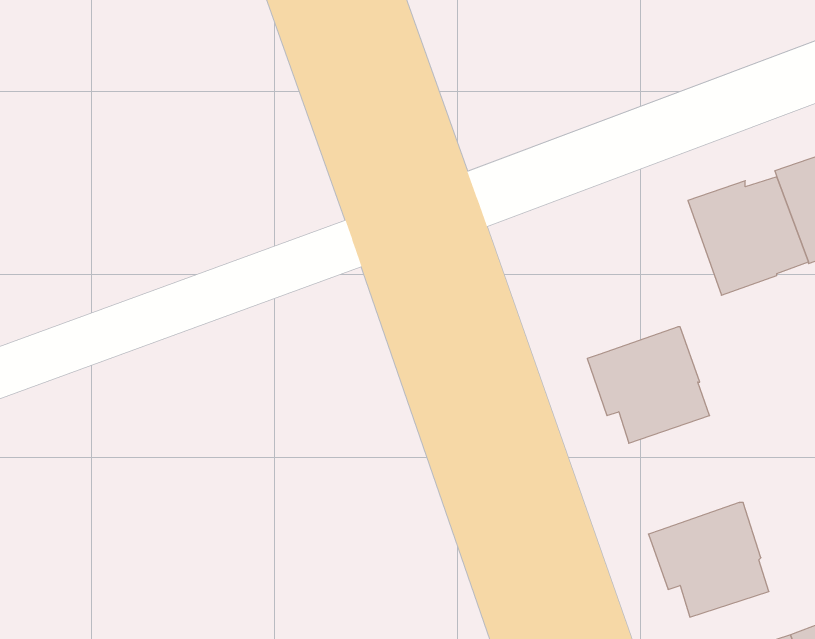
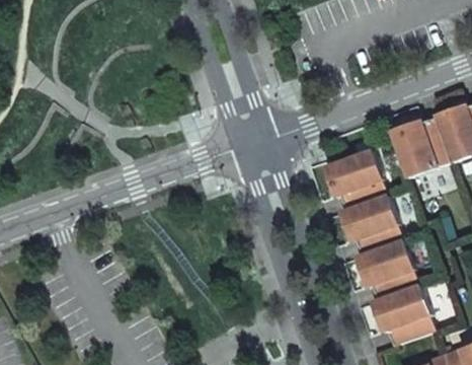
building: none -> [323,151,385,210]
building: none -> [355,240,416,300]

